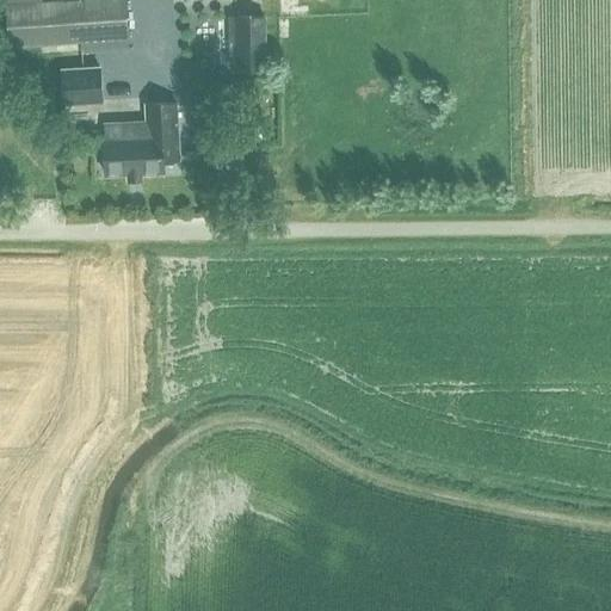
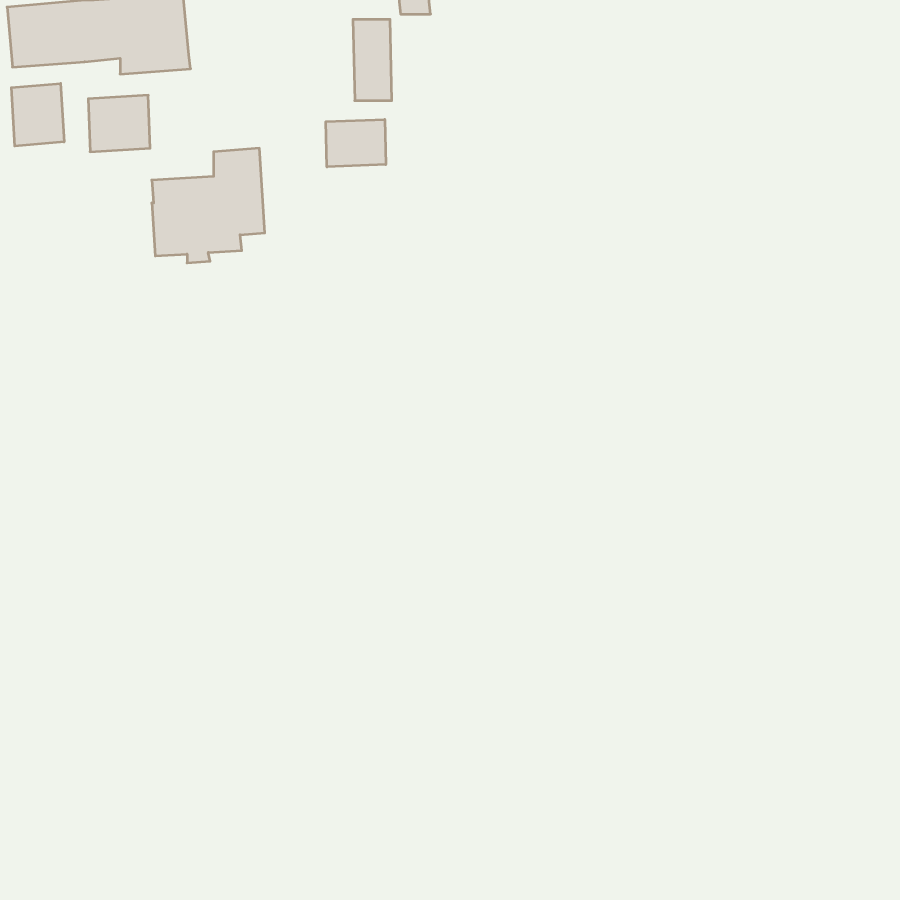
building: none -> [11,83,64,146]
building: none -> [326,119,386,167]

